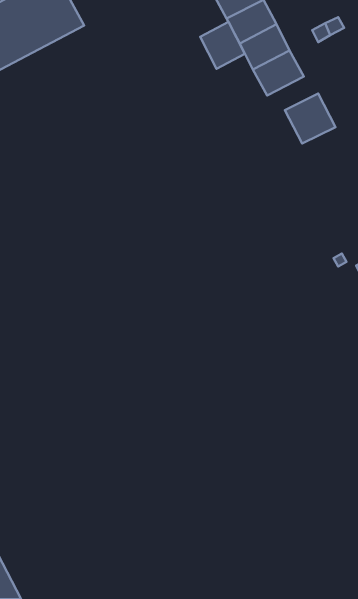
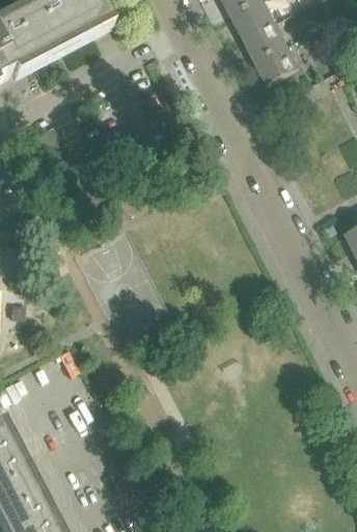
building: [200,22,245,69] -> none
building: [285,94,336,144] -> none

